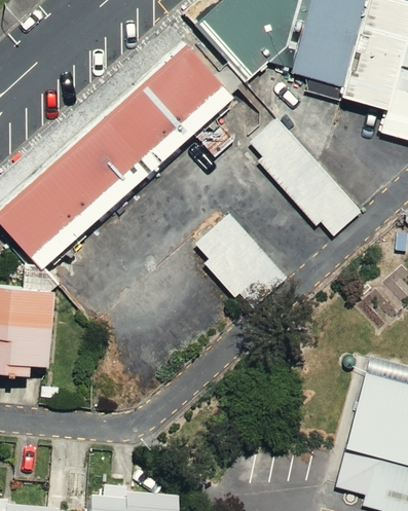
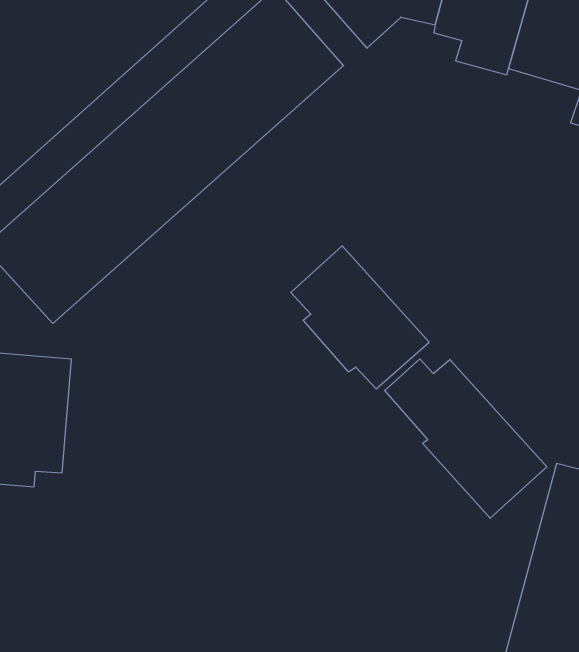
building: [251,117,363,236] -> none
building: none -> [385,359,547,518]

